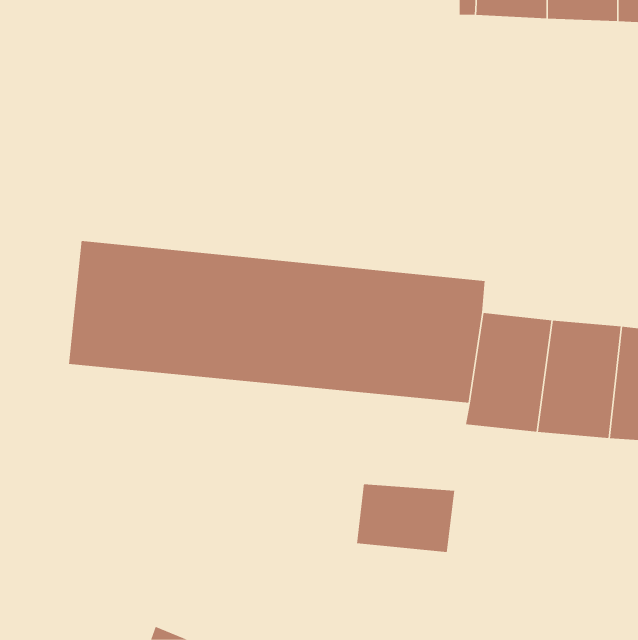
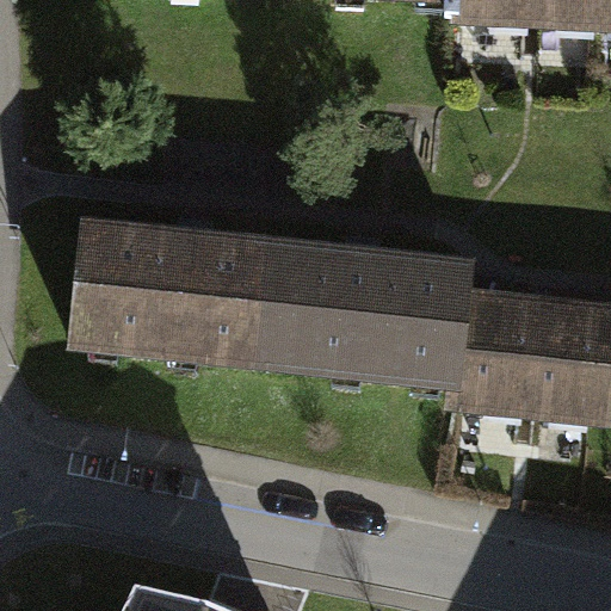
building: [356,483,455,553] -> none

